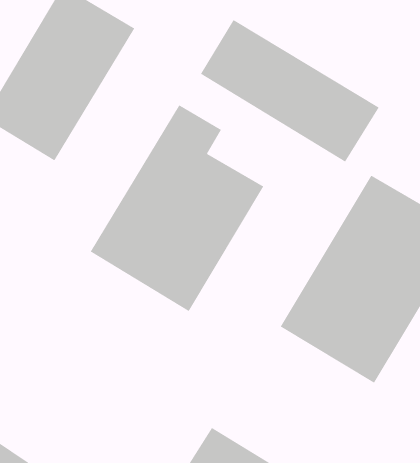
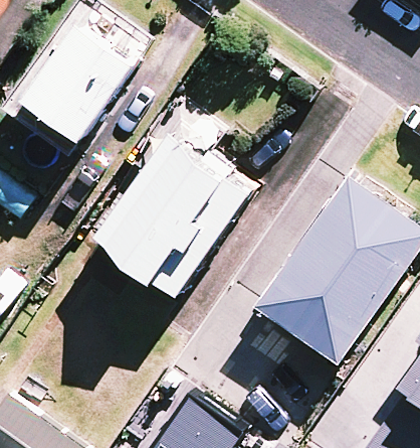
building: [200,19,379,162] -> none

